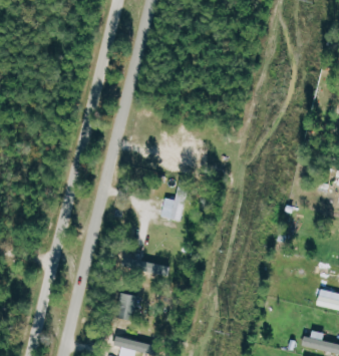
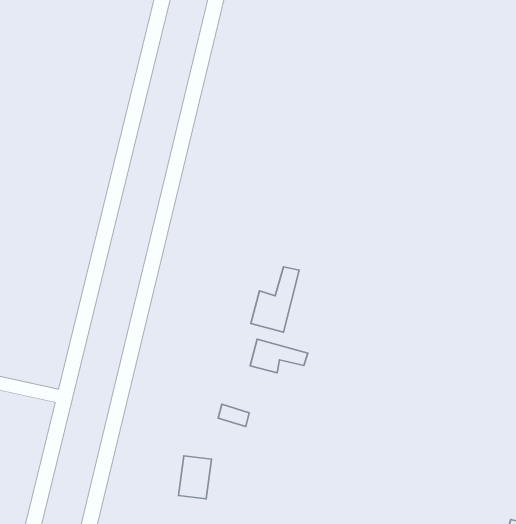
building: none -> [250,339,308,373]

